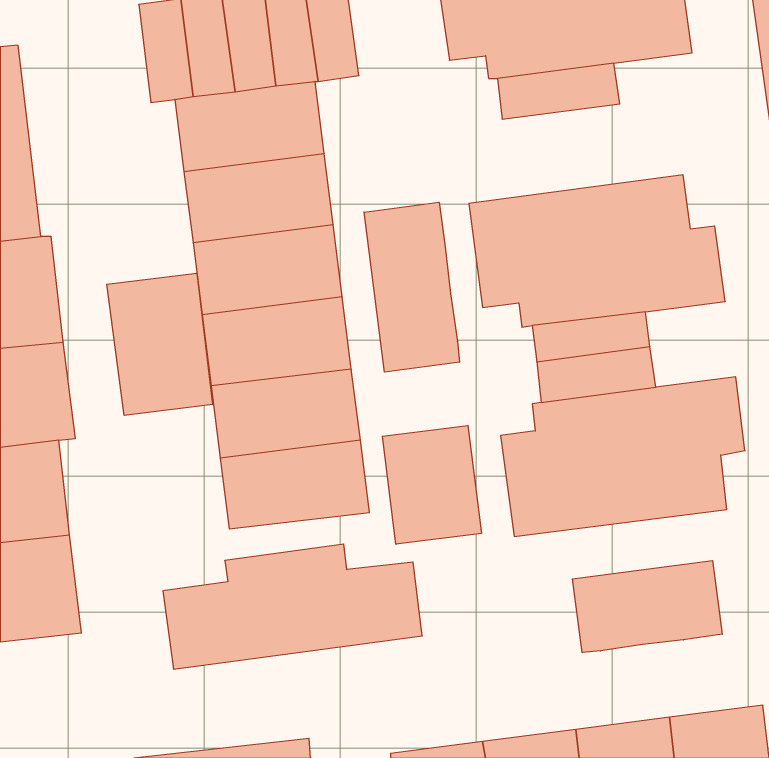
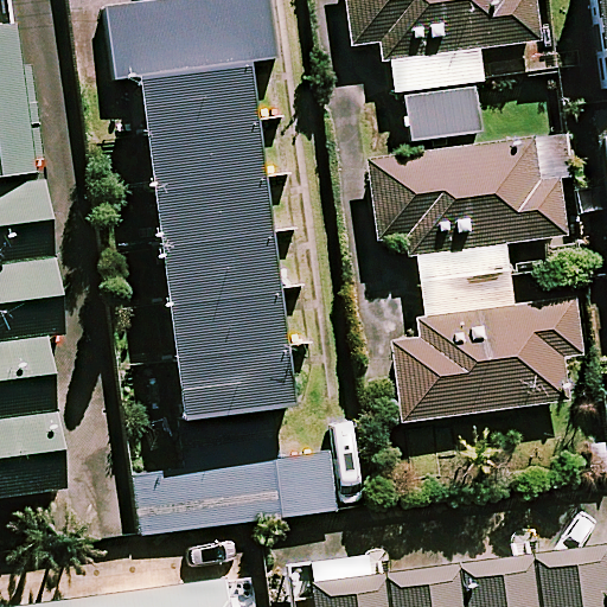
building: [364,202,459,372] -> none
building: [107,273,213,415] -> none
building: [382,425,481,544] -> none
building: [572,561,722,653] -> none

